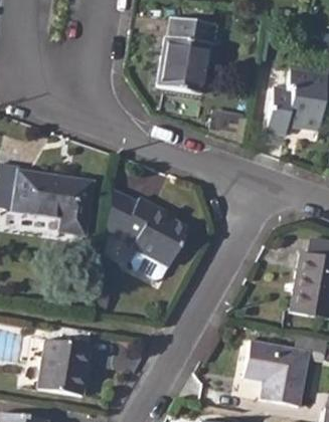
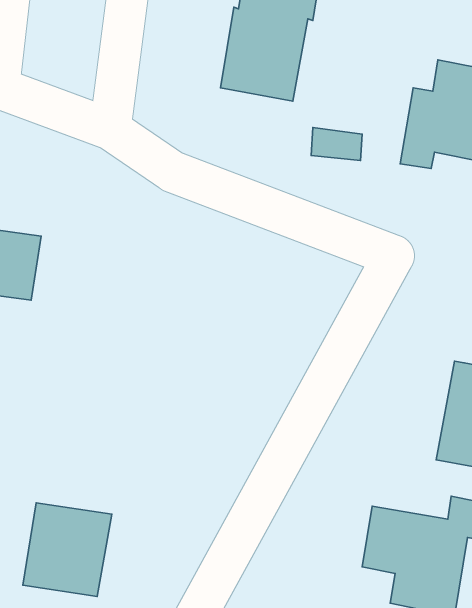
building: [41,175,93,235] -> none
building: [106,184,189,268] -> none

